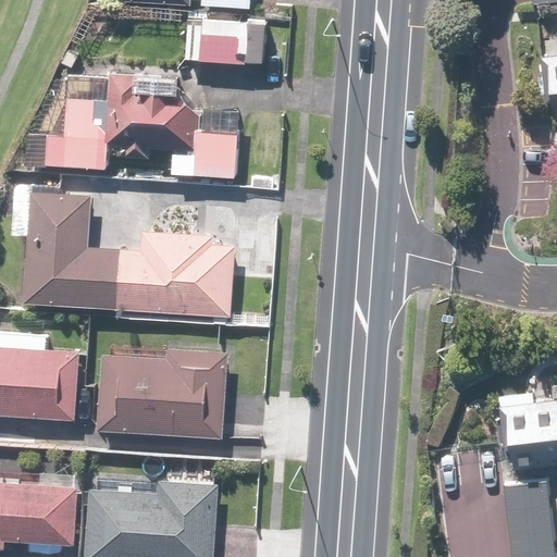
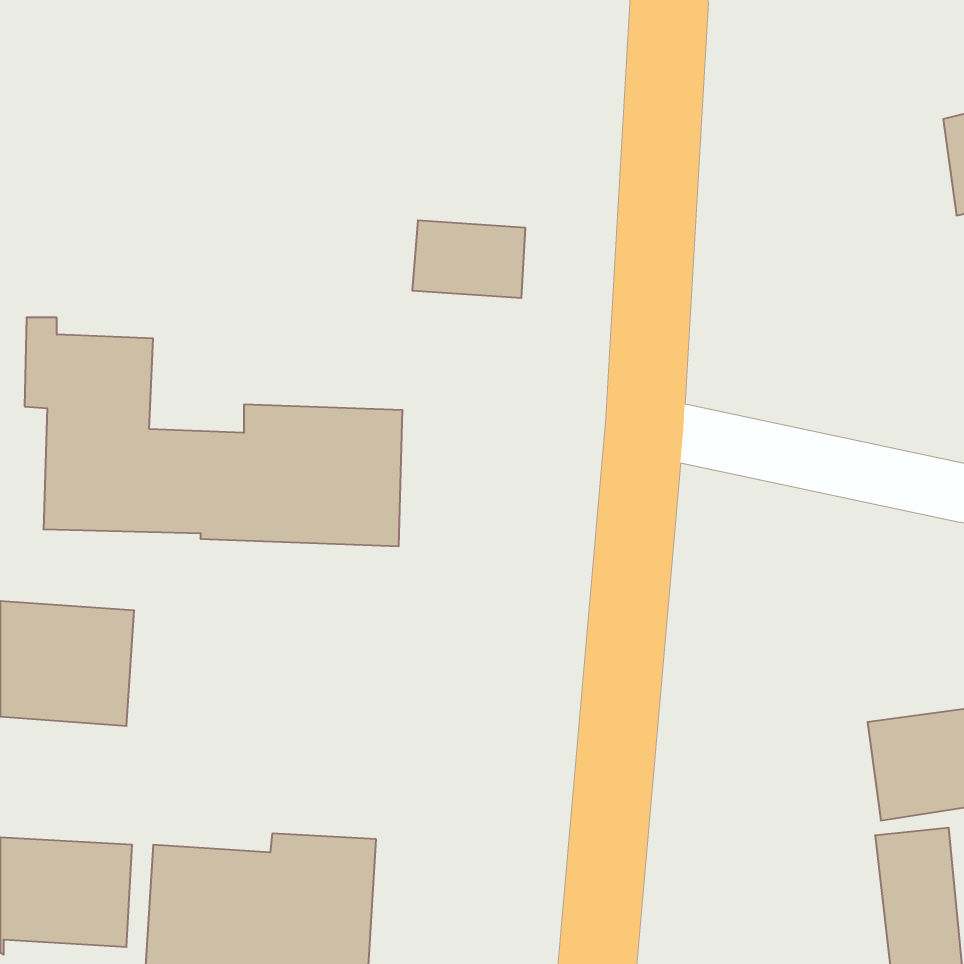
building: [185,20,250,64] -> [412,220,525,298]
building: [38,78,238,177] -> none
building: [97,349,228,435] -> none

